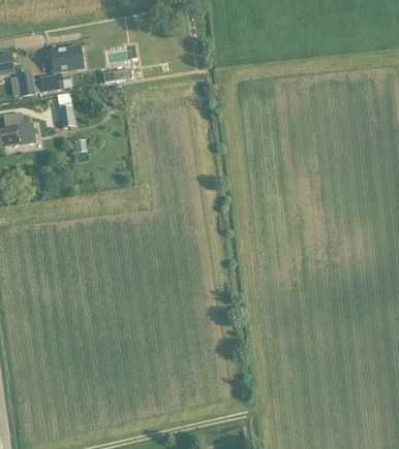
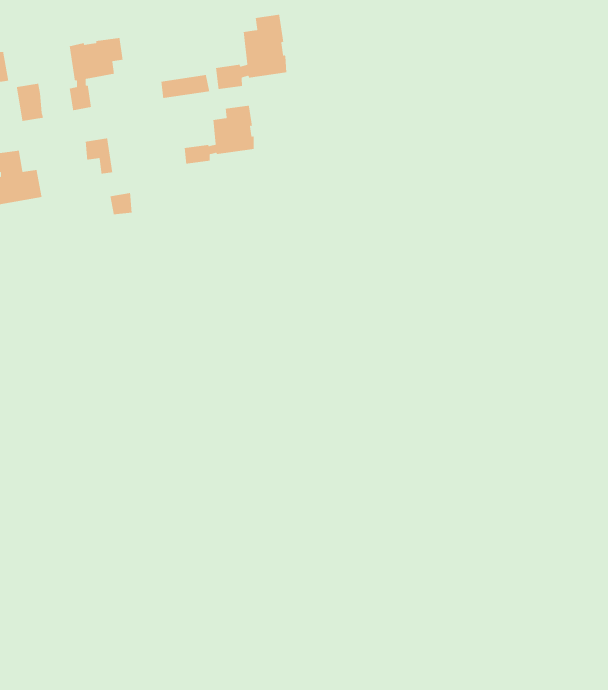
building: none -> [215,14,287,90]
building: none -> [184,105,255,165]

